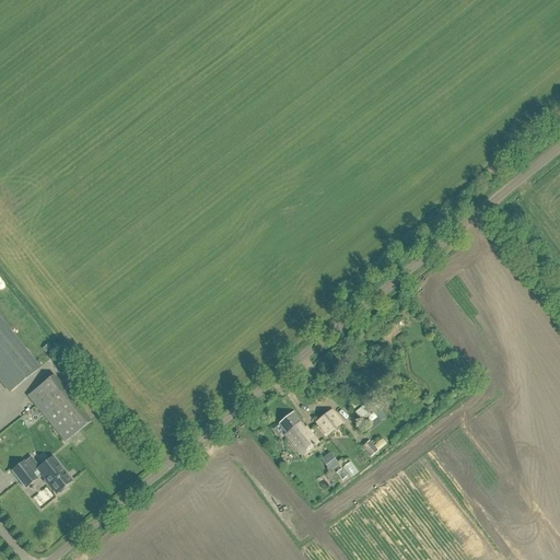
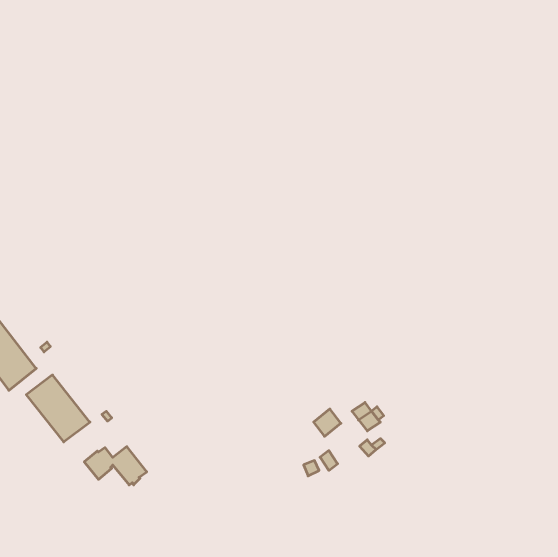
building: [278,409,317,454] -> none
building: [9,454,71,492] -> [84,447,147,485]

